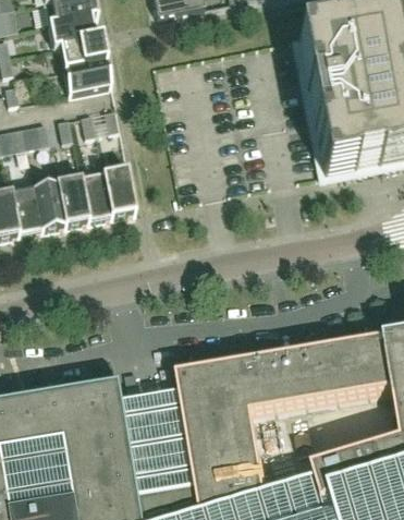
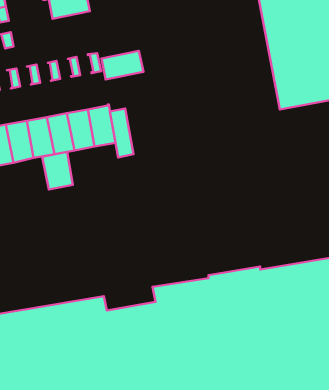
building: [63,60,111,93] -> [102,51,143,80]
building: none -> [110,108,133,157]
building: none -> [42,152,73,190]

